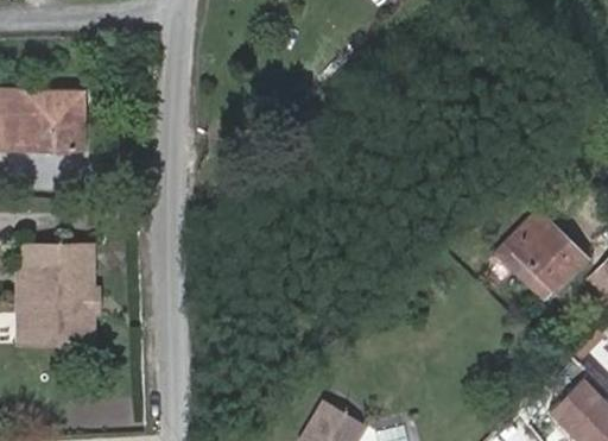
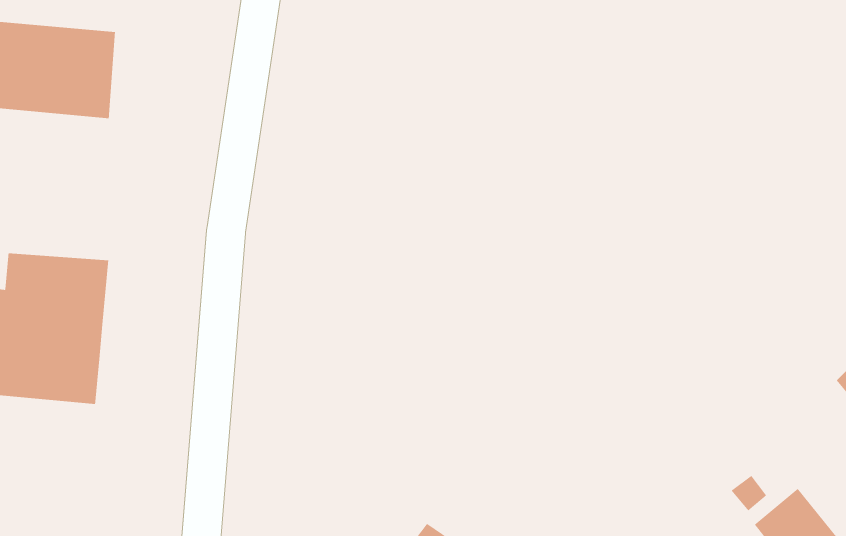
building: [496,212,587,301] -> none

